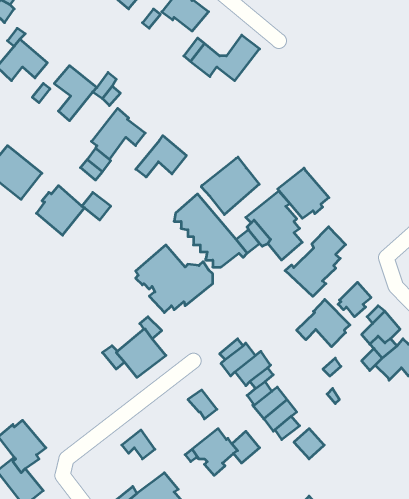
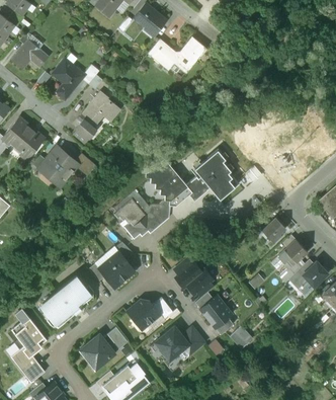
building: [136,136,186,177] -> none
building: [201,157,259,215] -> none
building: [278,168,329,218] -> none
building: [285,227,346,296] -> none
building: [297,299,350,347] -> none
building: none -> [40,277,89,323]
building: none -> [127,301,159,329]
building: none -> [79,334,114,369]

